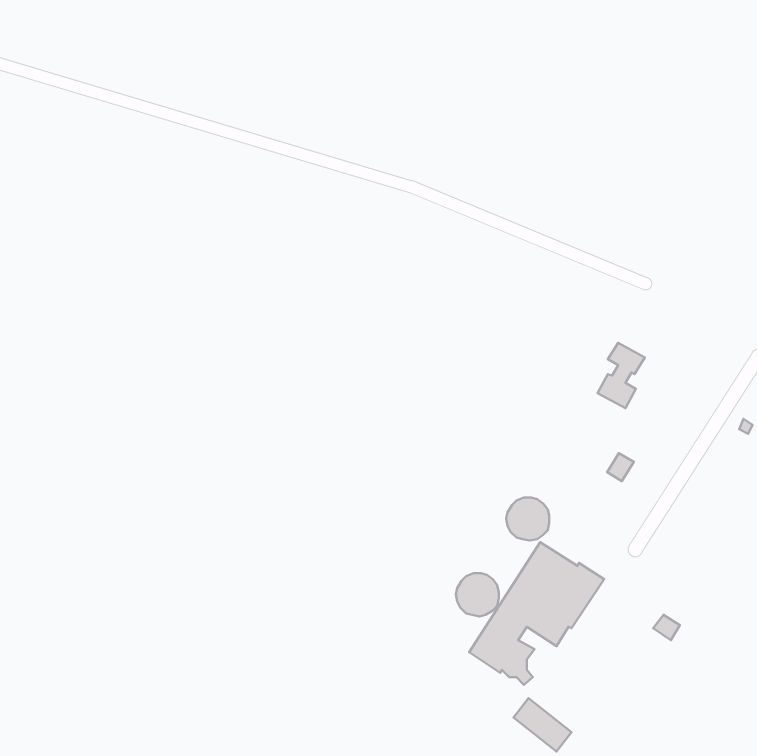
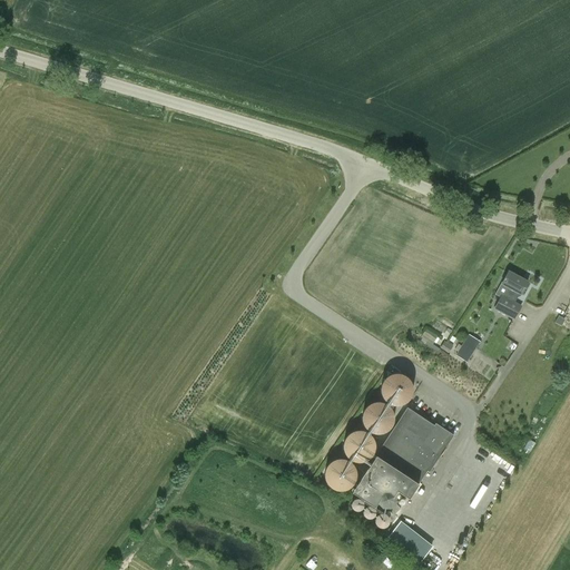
building: [597,343,645,408] -> [494,271,530,320]
building: none -> [362,402,394,434]
building: none -> [325,458,357,491]

